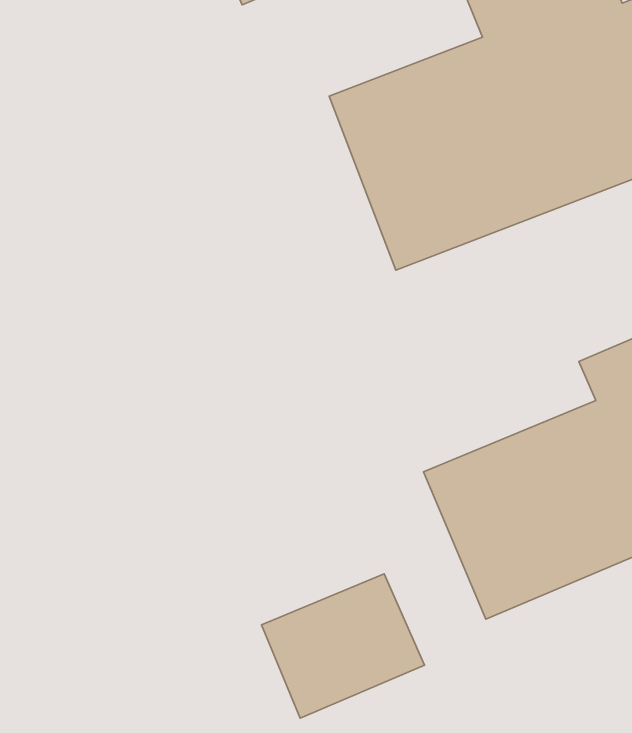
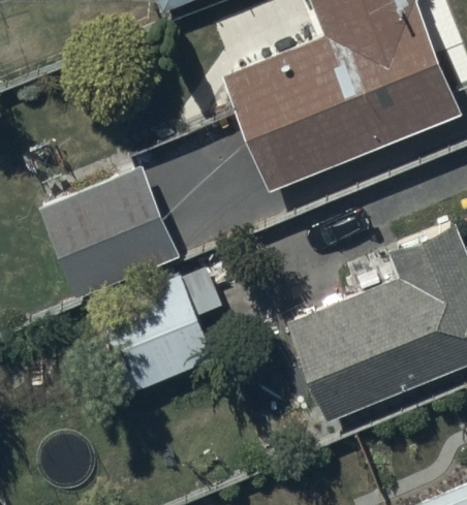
building: none -> [40,167,181,301]
building: [262,574,424,718] -> [105,299,214,396]

